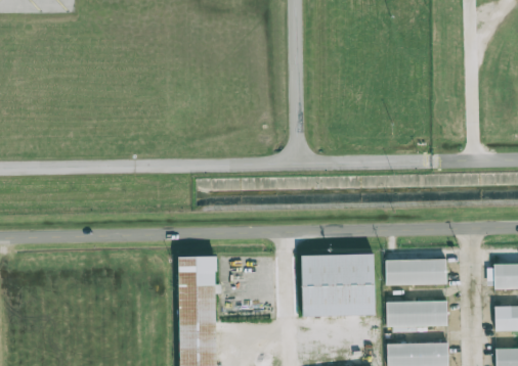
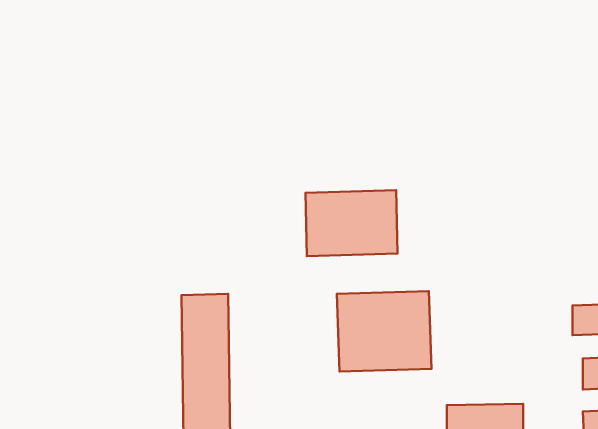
building: none -> [306,190,398,256]
building: [386,260,446,285] -> none
building: [386,301,447,330] -> none

